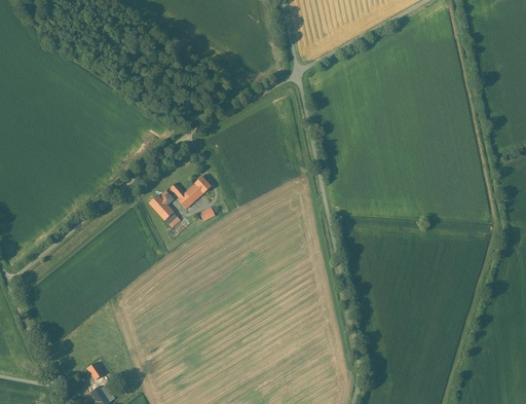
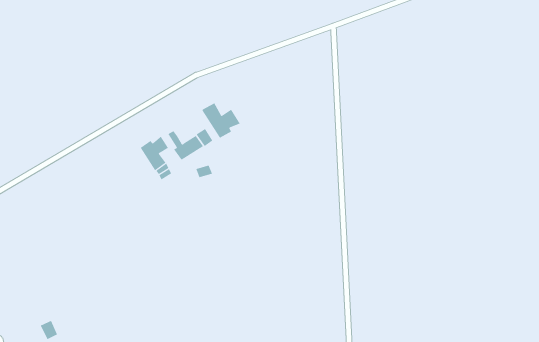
building: none -> [202,103,240,138]

